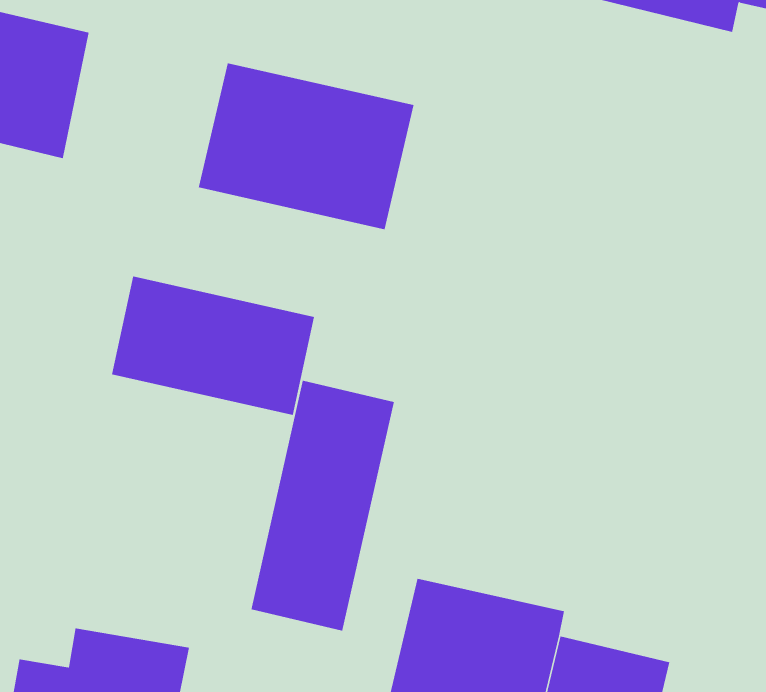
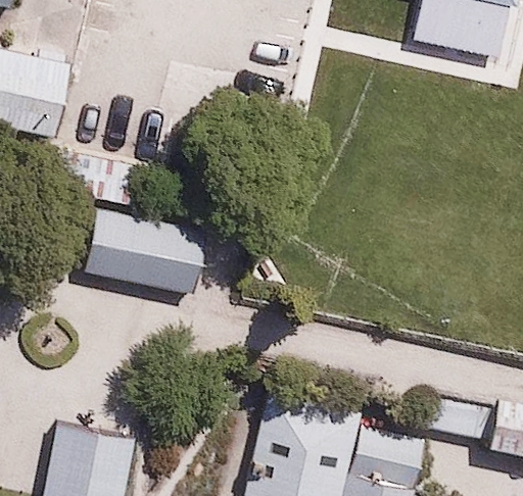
building: [198,63,414,230] -> none
building: [251,380,394,631] -> none

